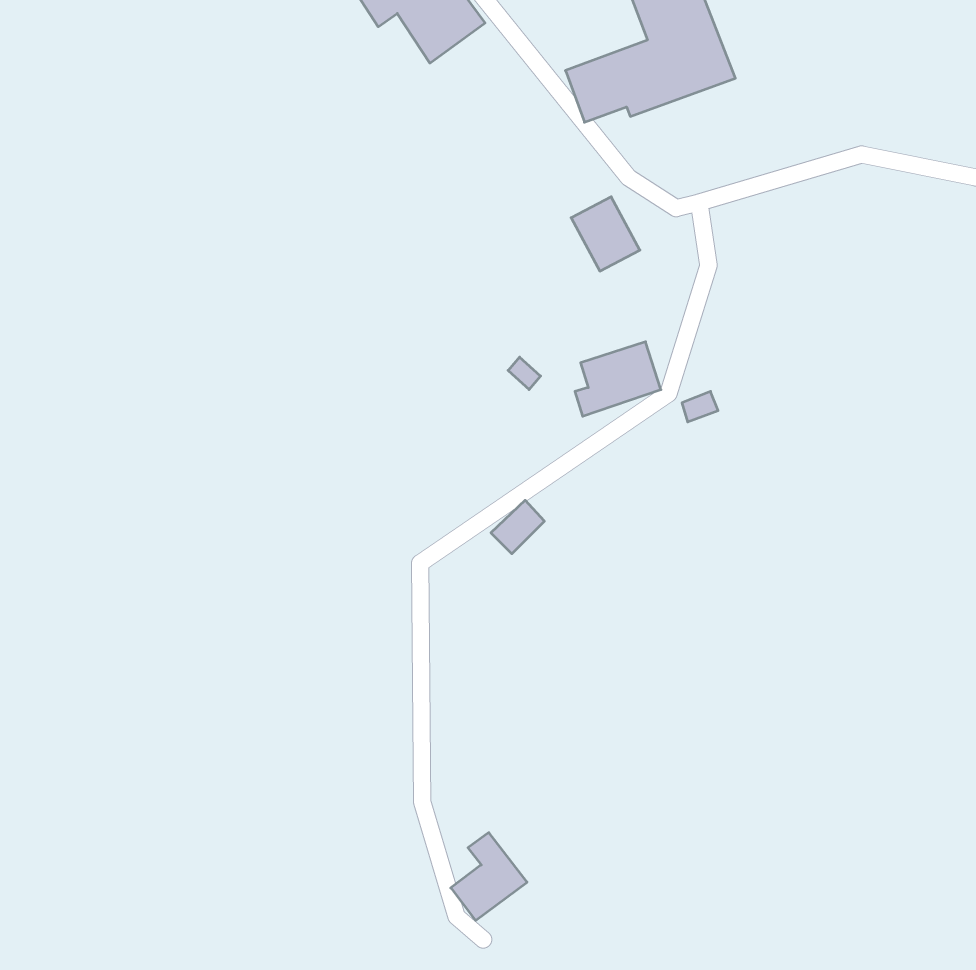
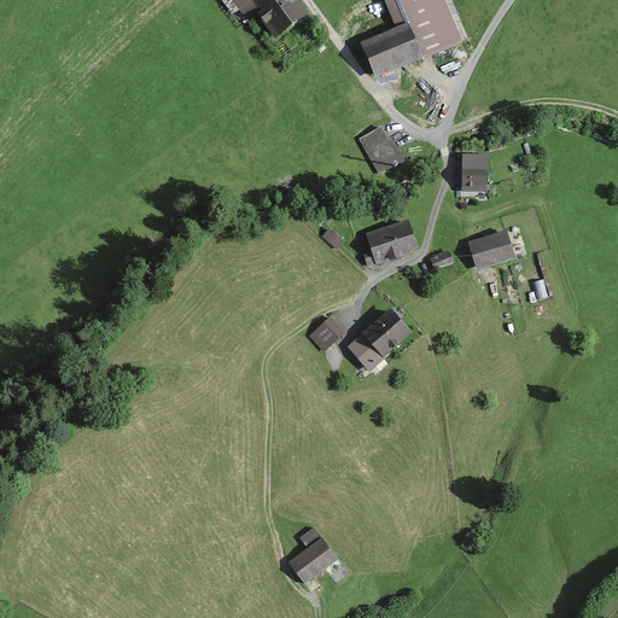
building: none -> [464,150,488,186]
building: none -> [470,226,517,267]
building: none -> [345,310,409,372]

